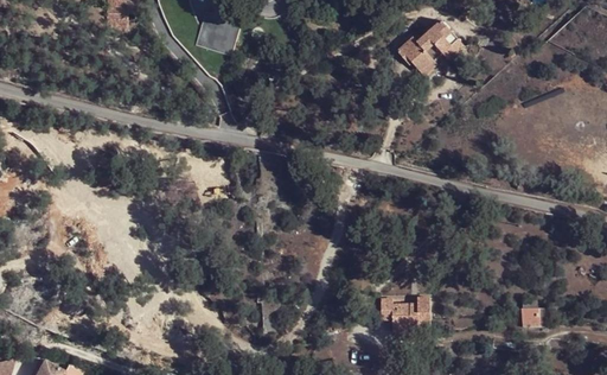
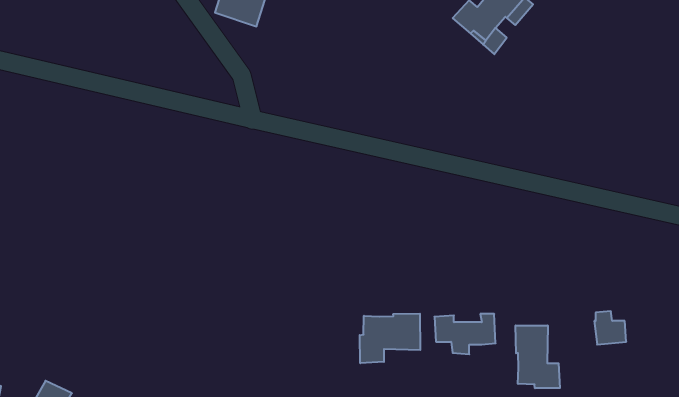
building: none -> [360,314,420,363]
building: none -> [516,325,560,388]

